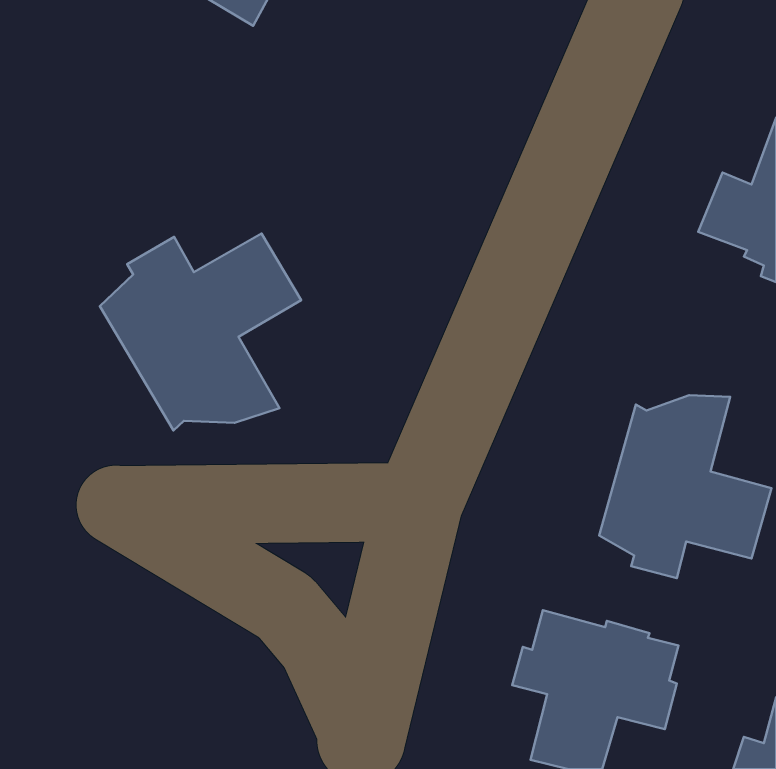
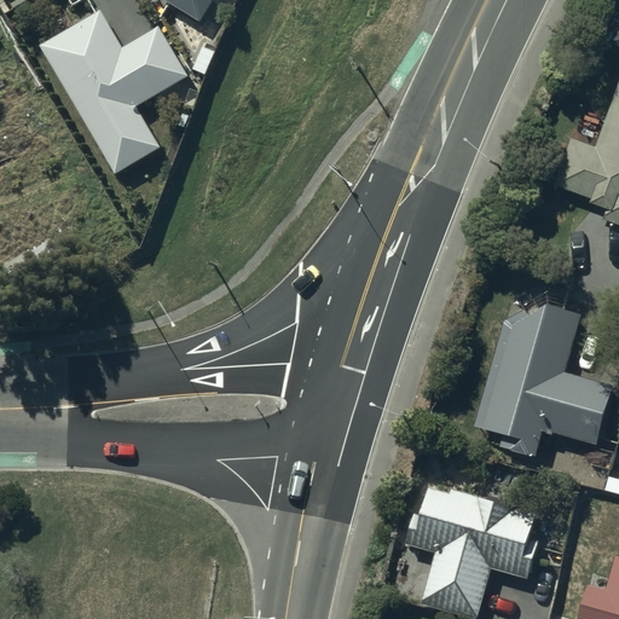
building: none -> [41,10,187,174]
building: [100,234,301,431] -> none

